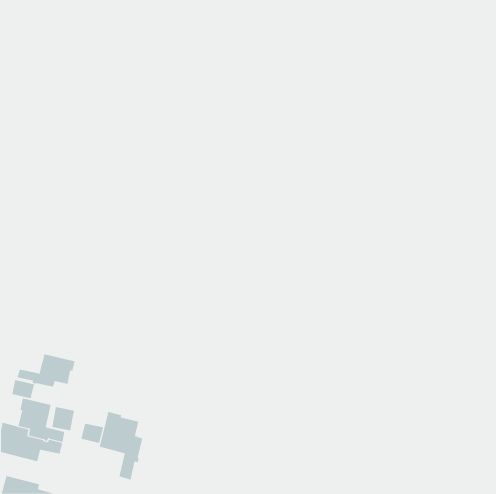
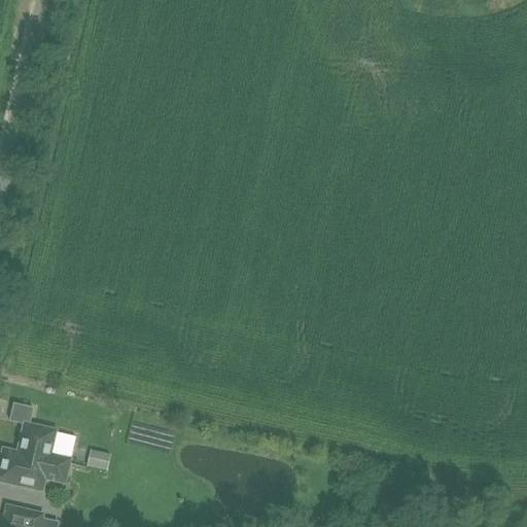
building: [17,354,75,387] -> none
building: [99,411,143,480] -> none

